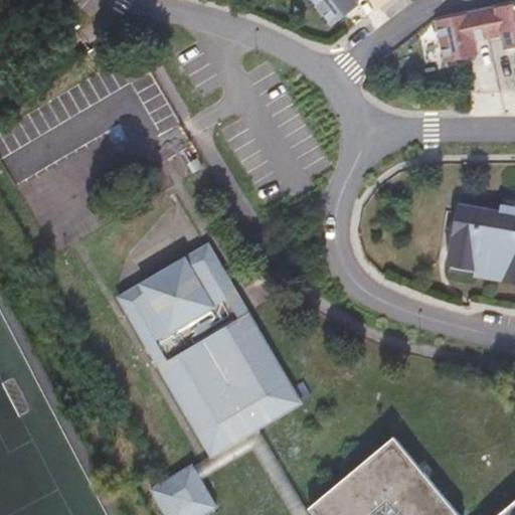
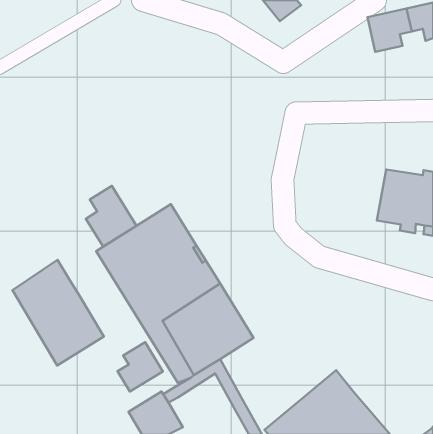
building: none -> [86,186,137,246]
building: none -> [12,260,104,365]
building: none -> [118,342,163,392]

